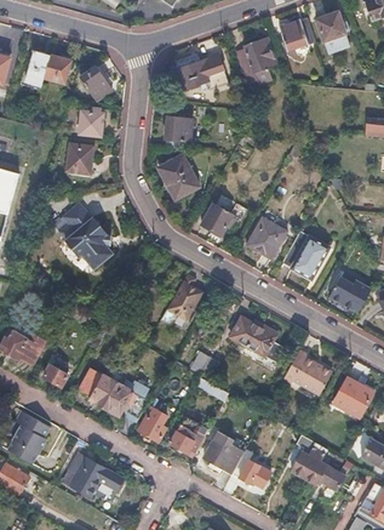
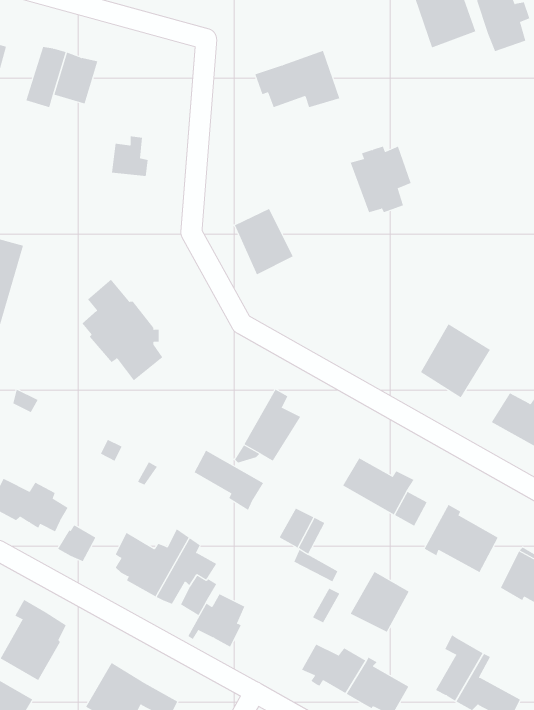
building: [236,40,276,84] -> [350,146,411,213]
building: [80,65,110,99] -> none
building: [165,114,193,148] -> none
building: [63,142,92,172] -> none
building: [200,203,231,233] -> none
building: [245,216,285,257] -> none
building: none -> [194,450,264,511]
building: [168,414,207,454] -> [350,571,409,633]

